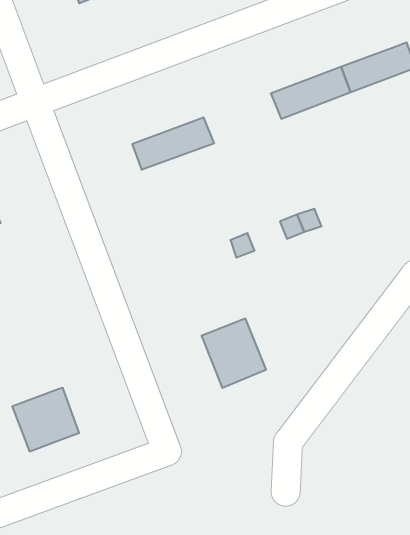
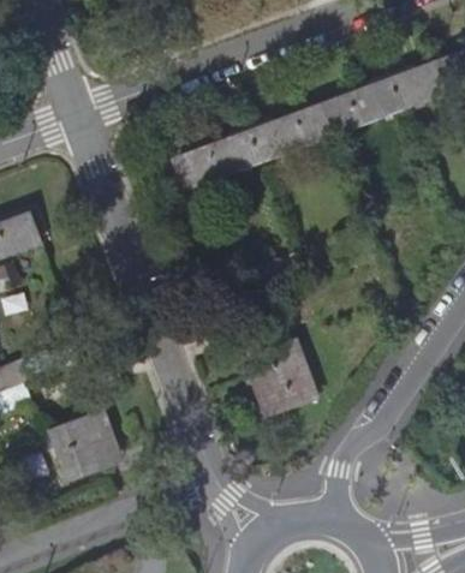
building: none -> [250,106,330,157]

